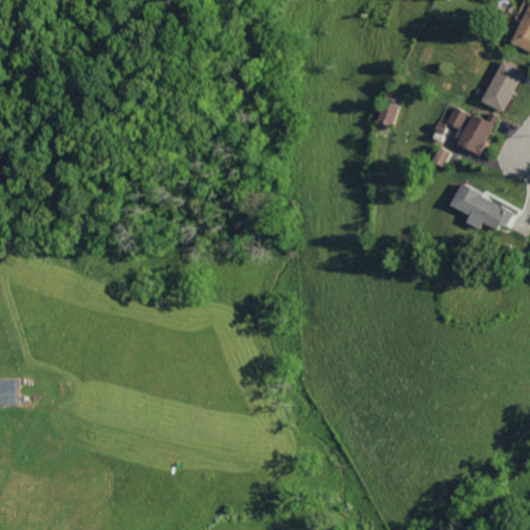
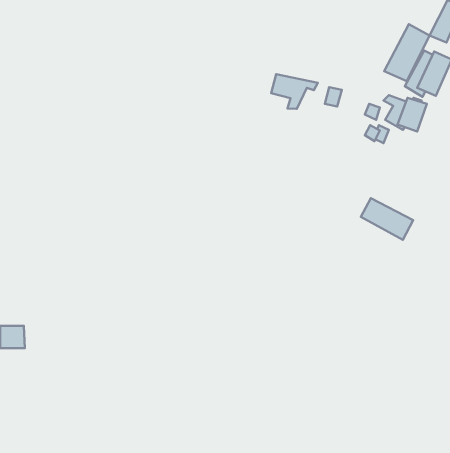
building: none -> [384,24,430,81]
building: none -> [271,74,318,109]
building: [445,182,506,231] -> [361,198,413,240]

